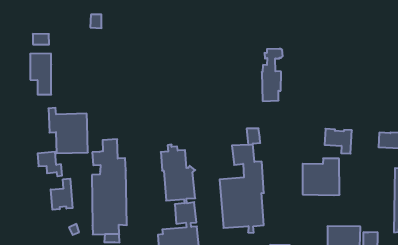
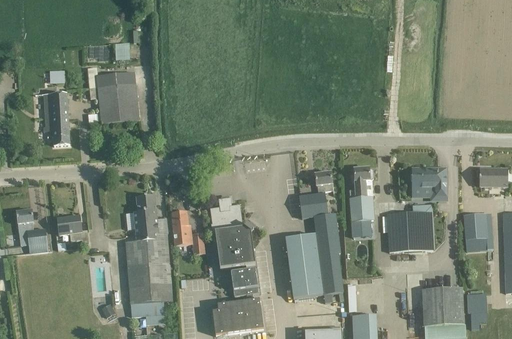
building: [262,49,283,101] -> [349,168,374,234]
building: [48,108,88,153] -> [87,67,139,123]
building: none -> [17,209,47,245]
building: none -> [172,211,193,245]
building: none -> [463,212,493,251]
building: [51,179,73,210] -> none

